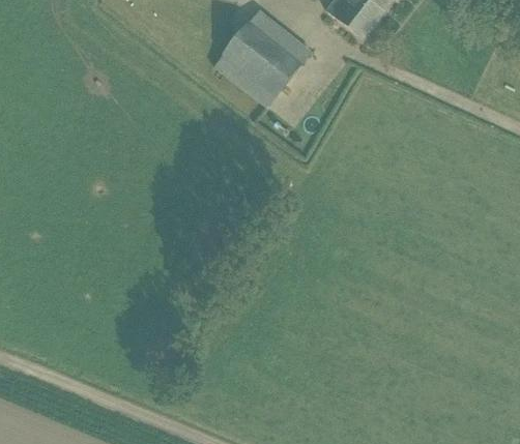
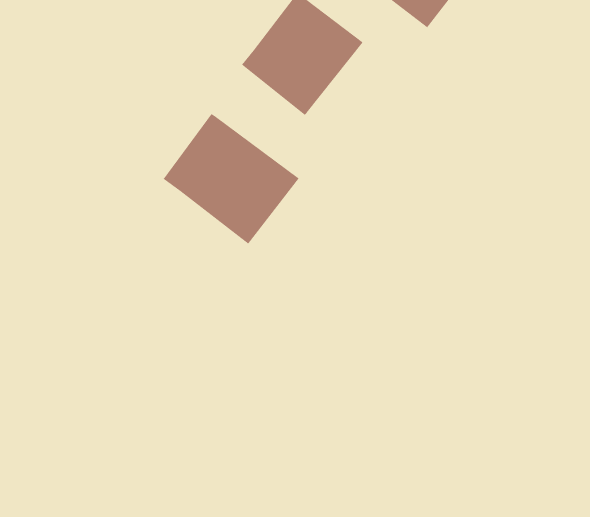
building: none -> [163,113,299,245]

